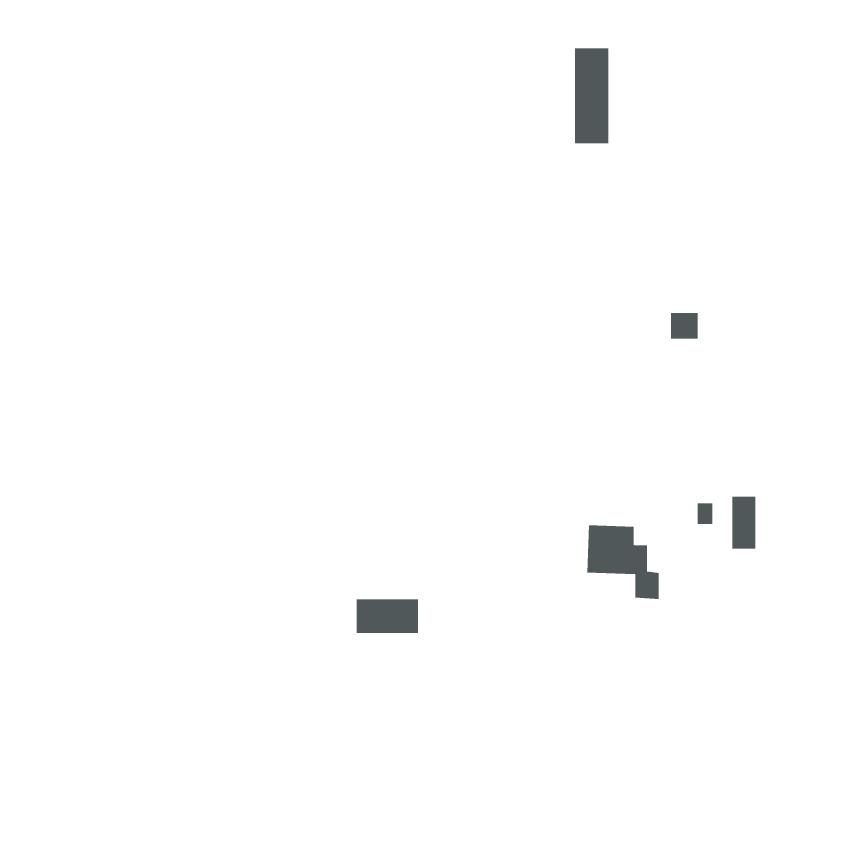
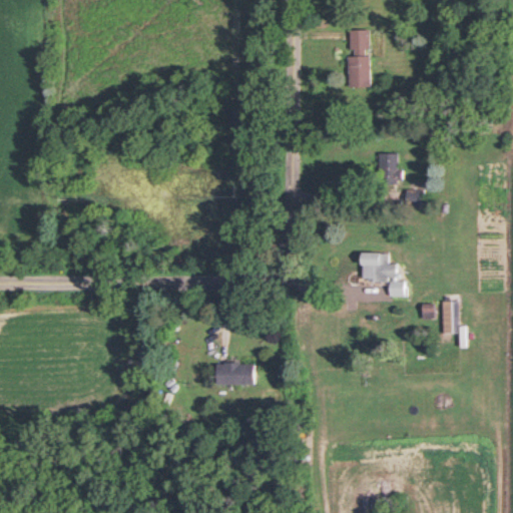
building: none -> [380,152,399,183]
building: [587,525,659,599] -> [360,251,404,297]

